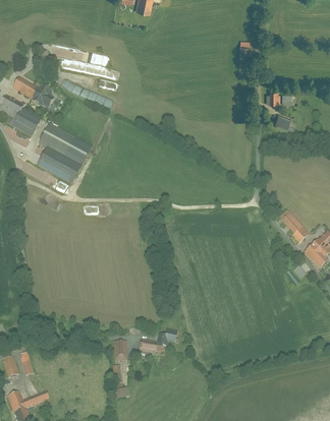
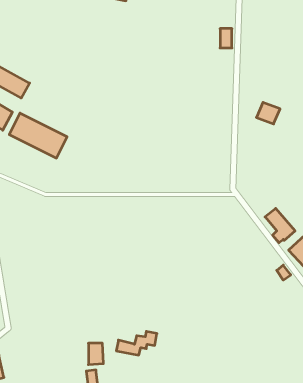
building: [37,147,83,184] -> none

